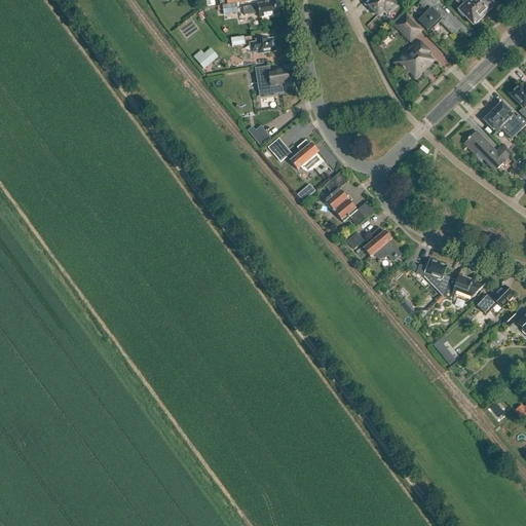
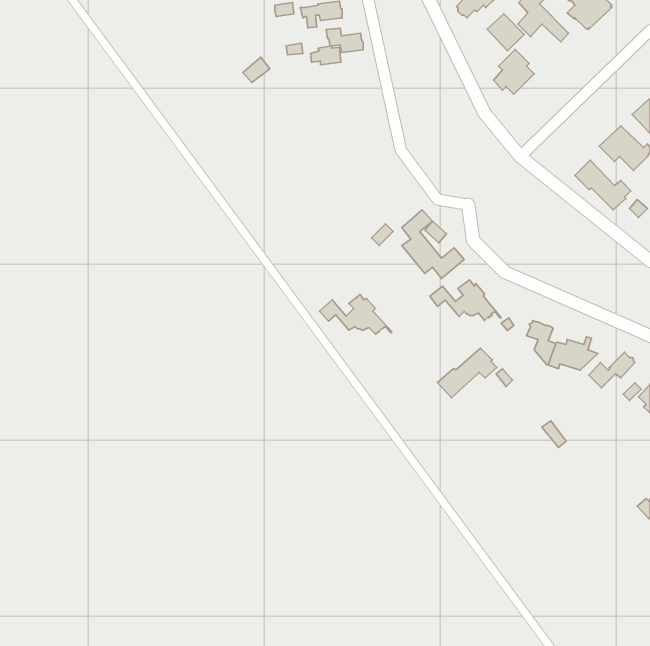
building: [259,66,289,85] -> [326,28,363,52]
building: [273,139,332,171] -> [319,295,392,334]
building: none -> [438,348,497,398]

